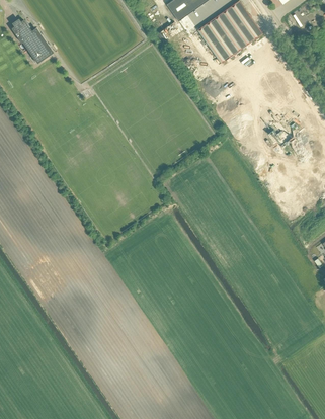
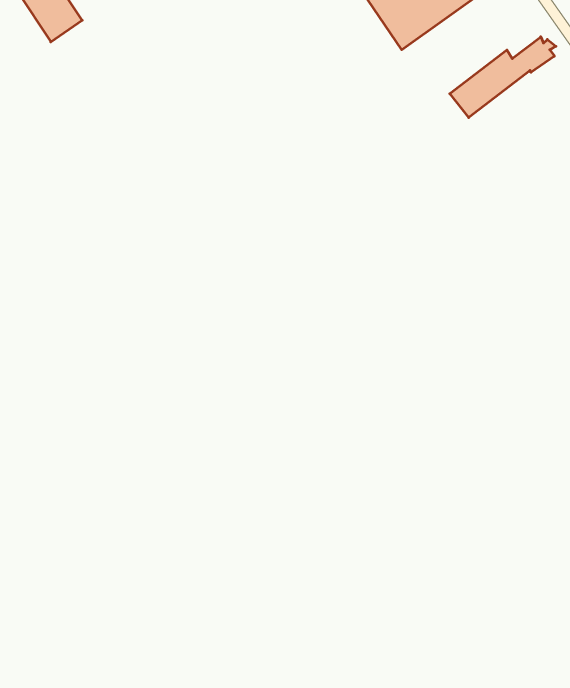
building: none -> [450,37,556,118]

